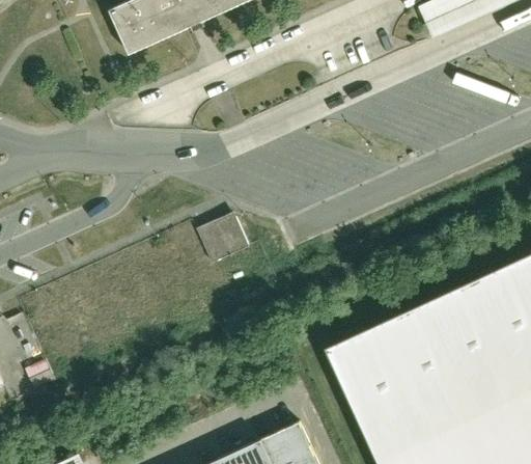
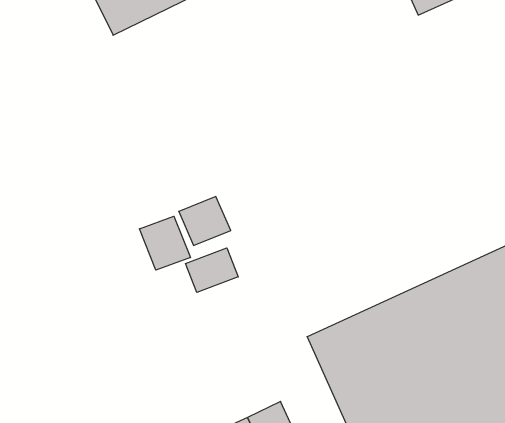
building: none -> [139,216,190,270]
building: none -> [185,248,238,292]

